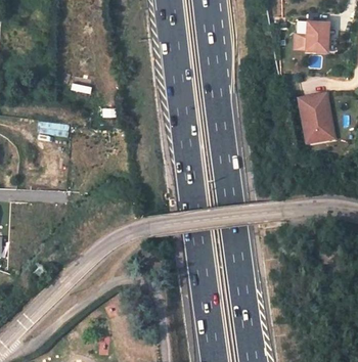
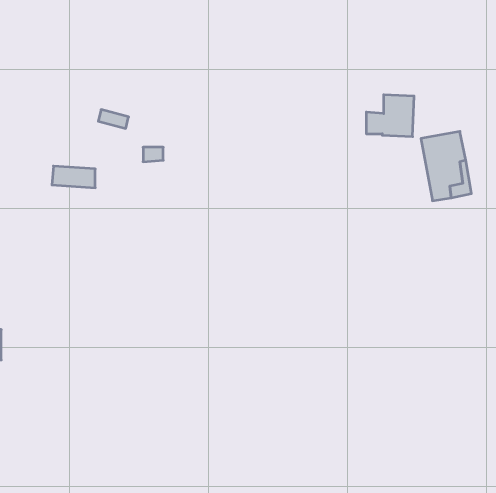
building: [296,21,329,51] -> [366,95,414,137]

